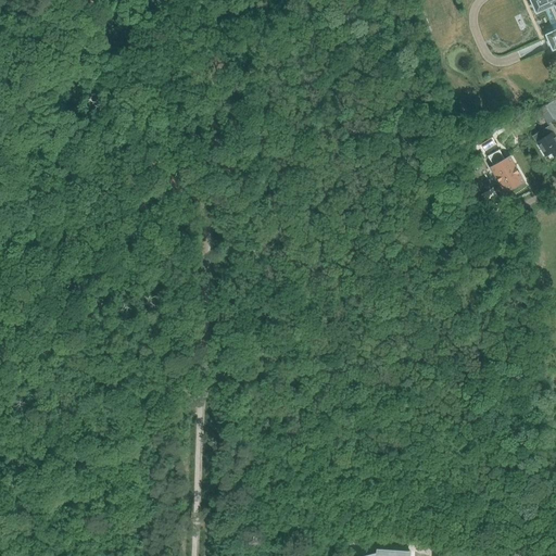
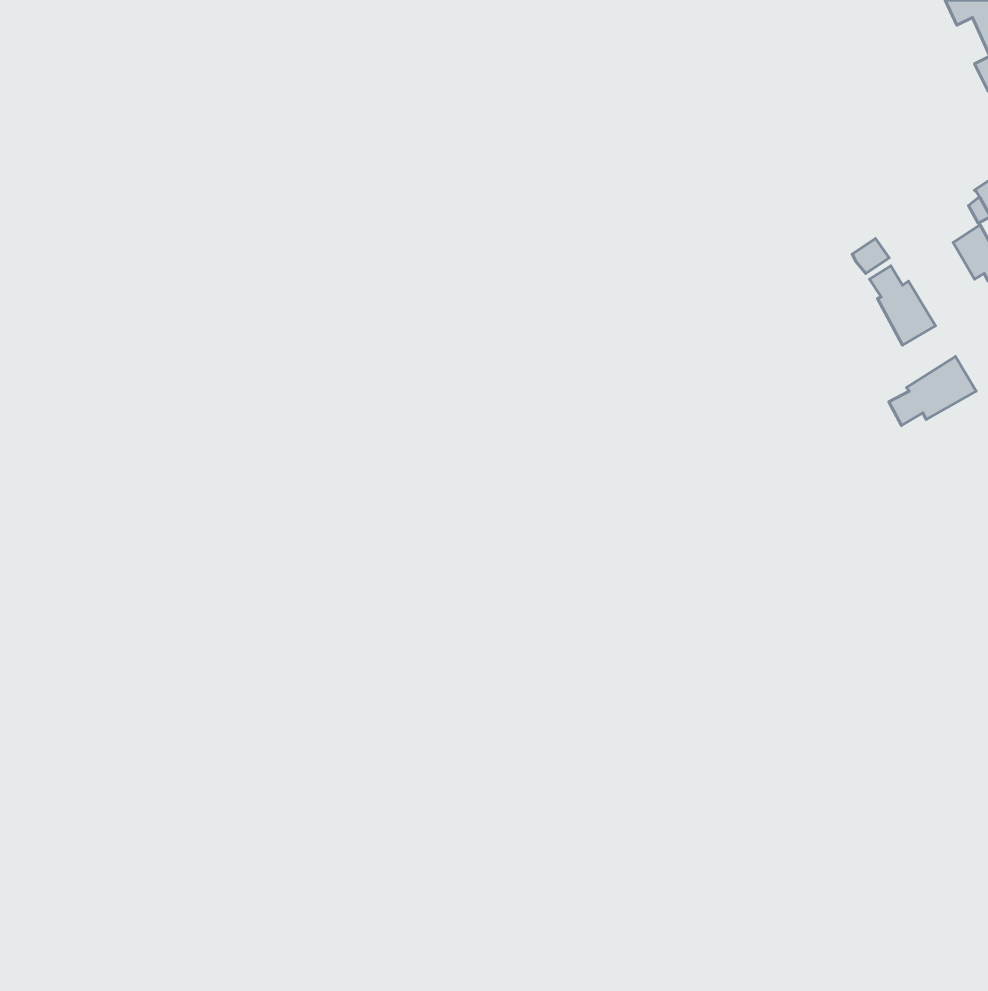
building: none -> [889,356,976,425]

